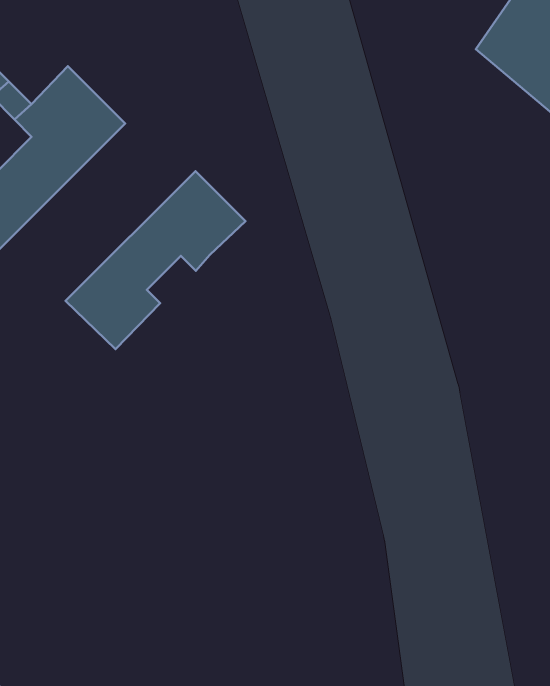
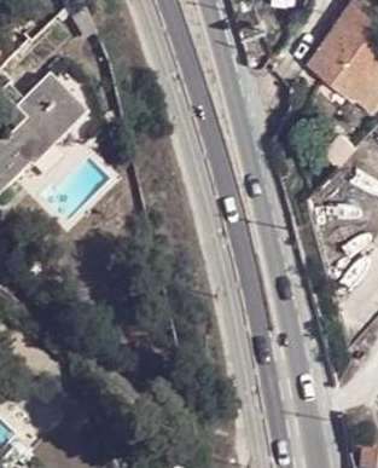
building: [66,171,246,349] -> none

